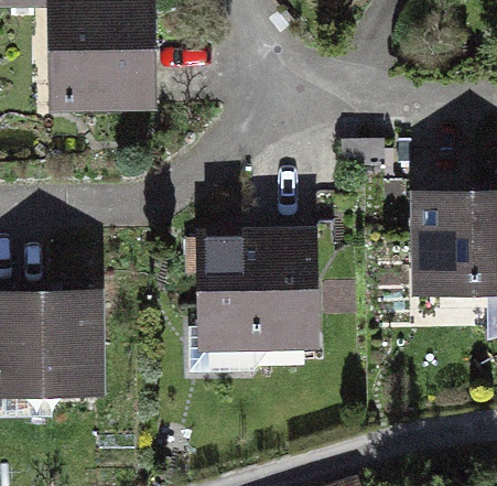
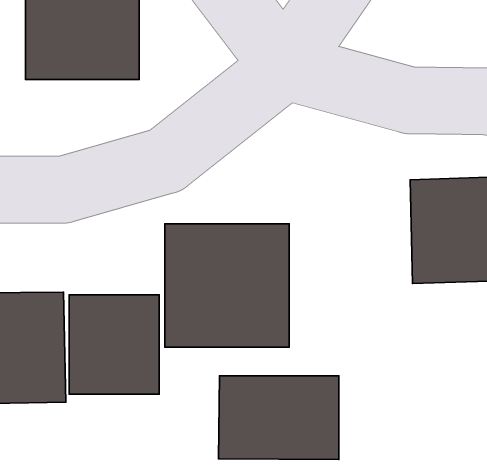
building: none -> [69,295,159,394]
building: none -> [219,376,339,460]

